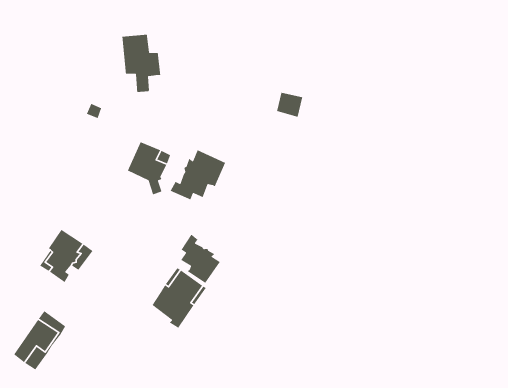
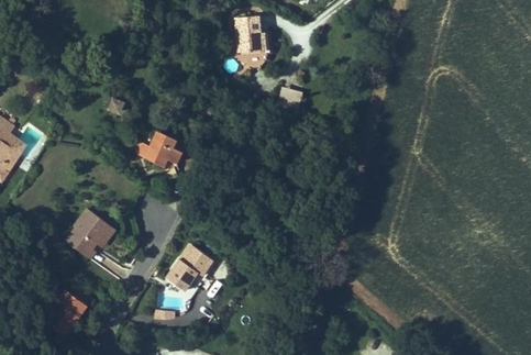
building: [122,34,161,93] -> [235,15,270,68]
building: [170,149,226,200] -> none
building: [180,234,221,284] -> none

